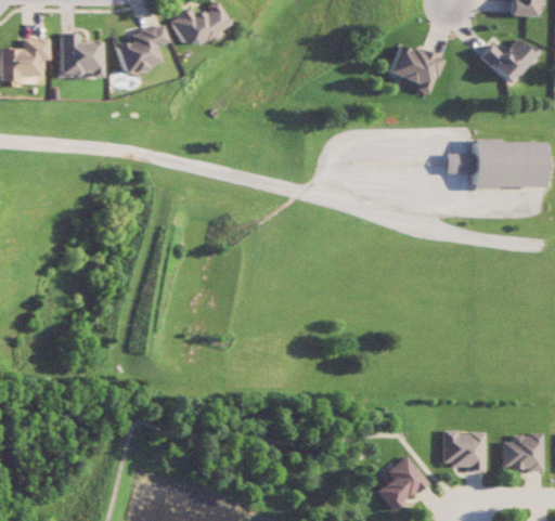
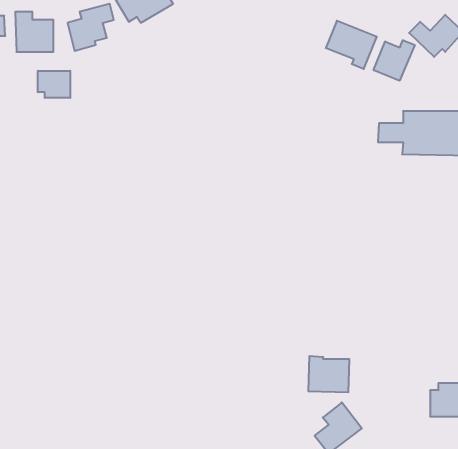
building: none -> [374,40,415,81]
building: none -> [38,71,70,98]
building: [442,430,487,469] -> [308,356,349,392]

